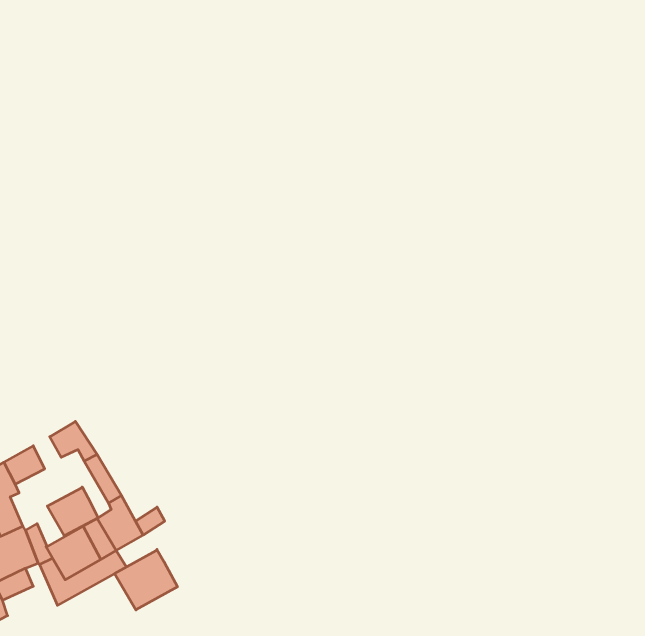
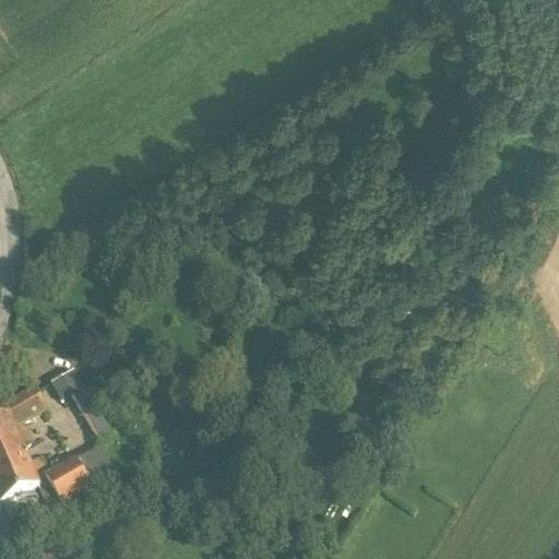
building: [47,487,98,536] -> none
building: [115,549,177,610] -> none

